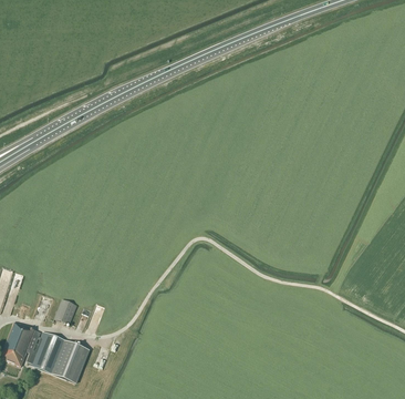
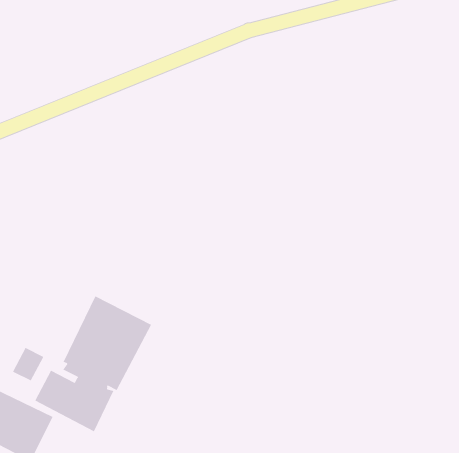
building: none -> [35,296,152,432]

